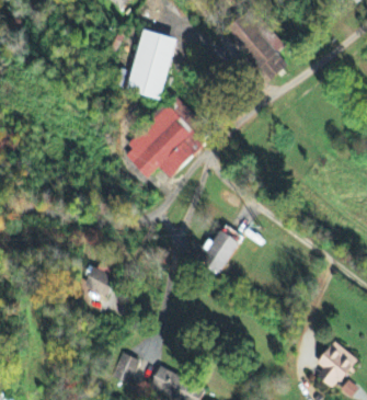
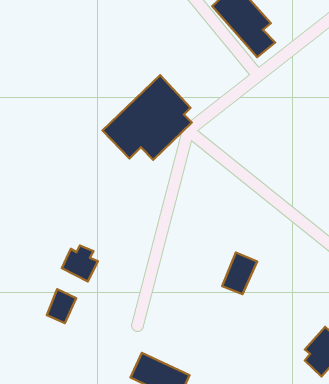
building: [127,28,177,99] -> none
building: [204,230,238,271] -> [222,252,257,294]
building: [111,351,139,384] -> [47,289,76,323]

